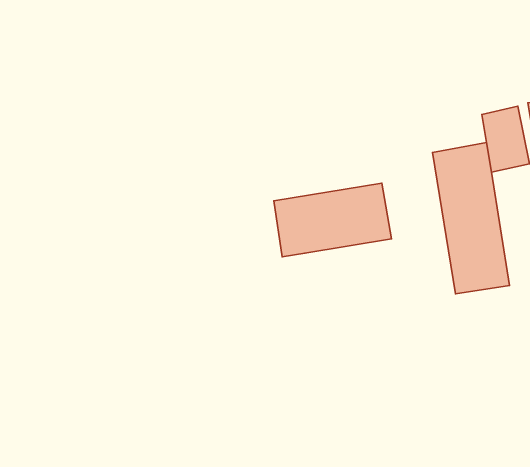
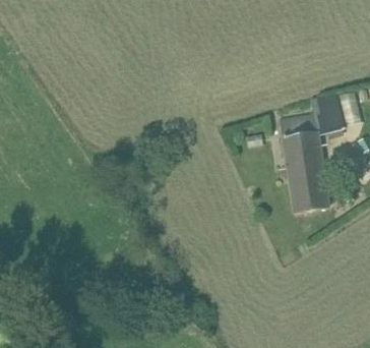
building: [274,183,391,257] -> none

